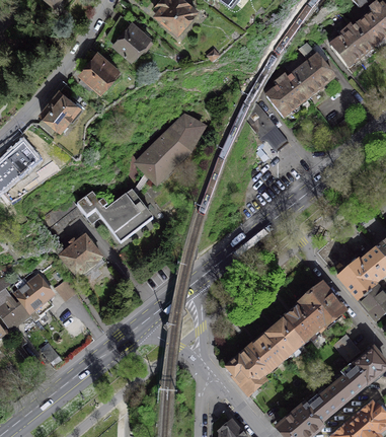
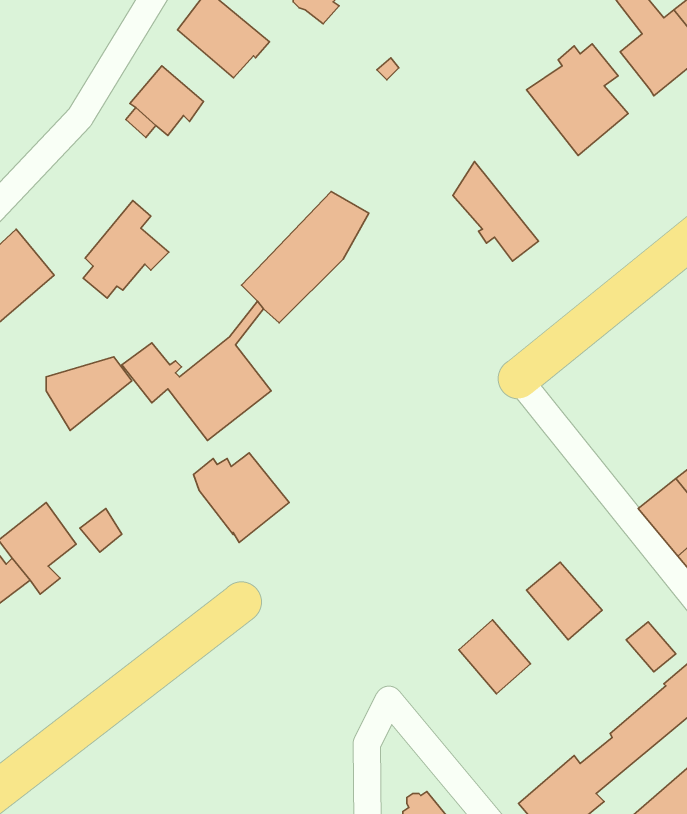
building: [266,61,309,117] -> none
building: [40,81,83,131] -> [83,200,169,298]
building: [57,235,105,281] -> [193,453,289,542]
building: [300,285,343,330] -> none
building: [265,318,304,358] -> none
building: [226,349,267,392] -> none

